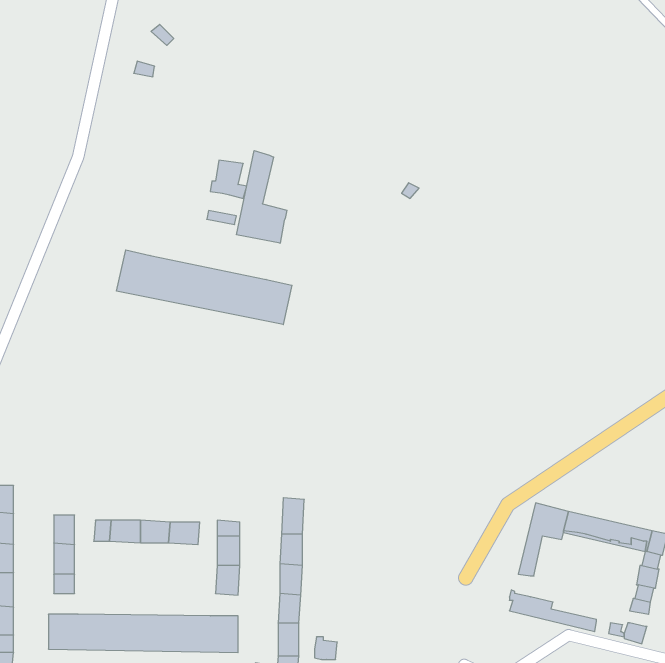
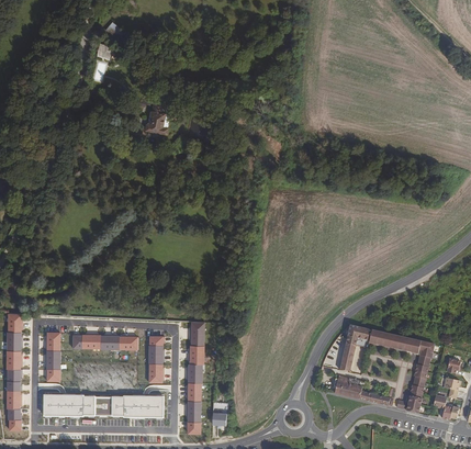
building: [237,151,287,243] -> none
building: [117,250,292,325] -> none

